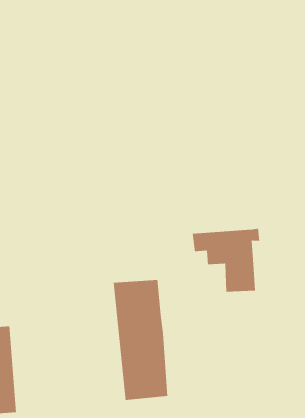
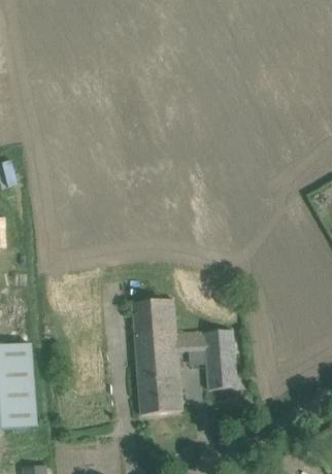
building: [192,228,260,292] -> [175,328,240,388]

